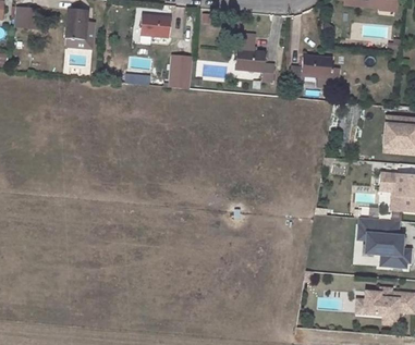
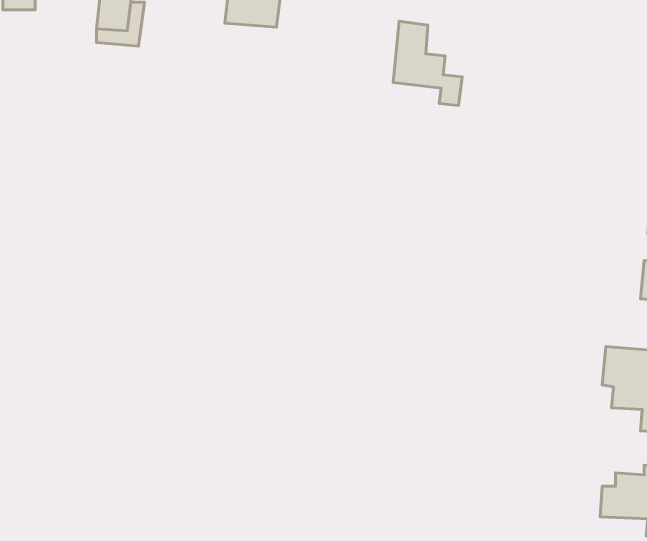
building: [169,53,193,83] -> none
building: [291,56,332,84] -> none

